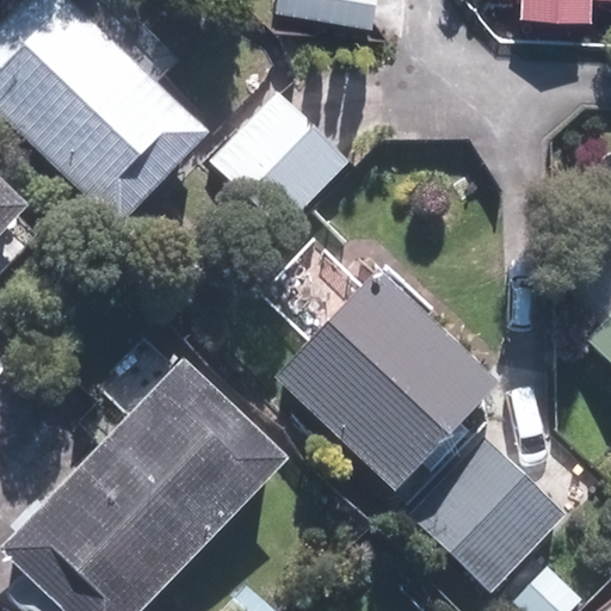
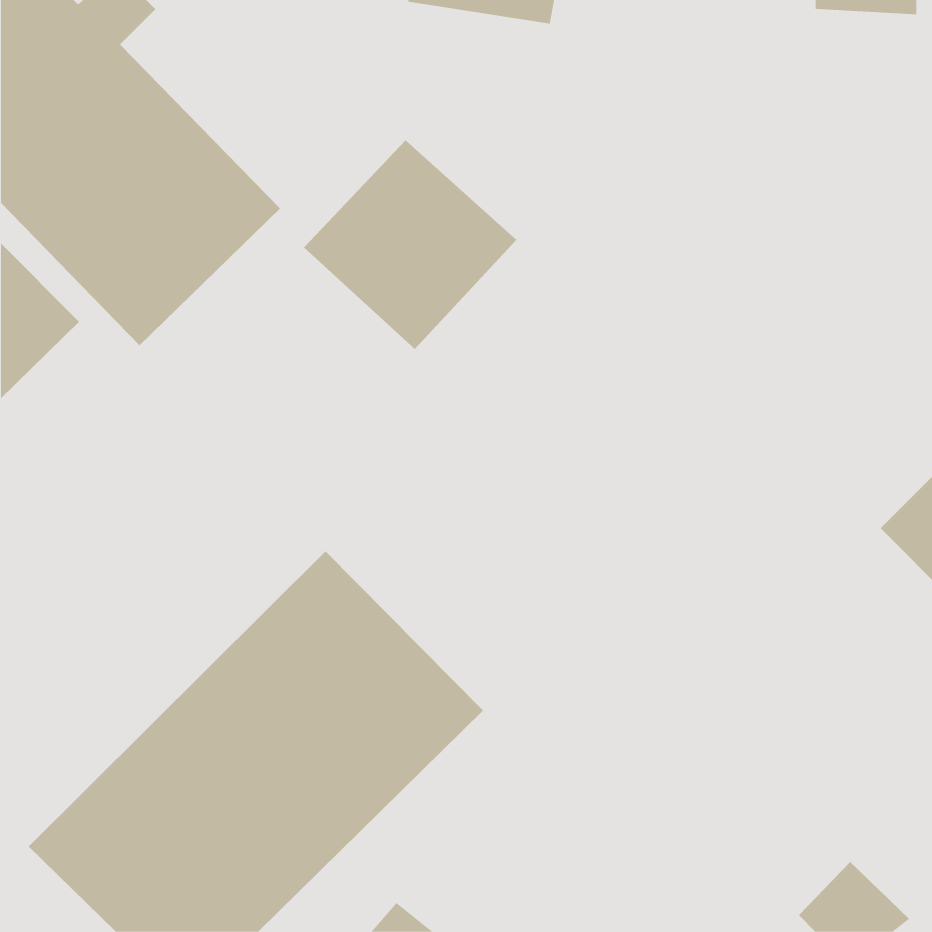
building: [265,270,480,486] -> none
building: [424,428,574,579] -> none

